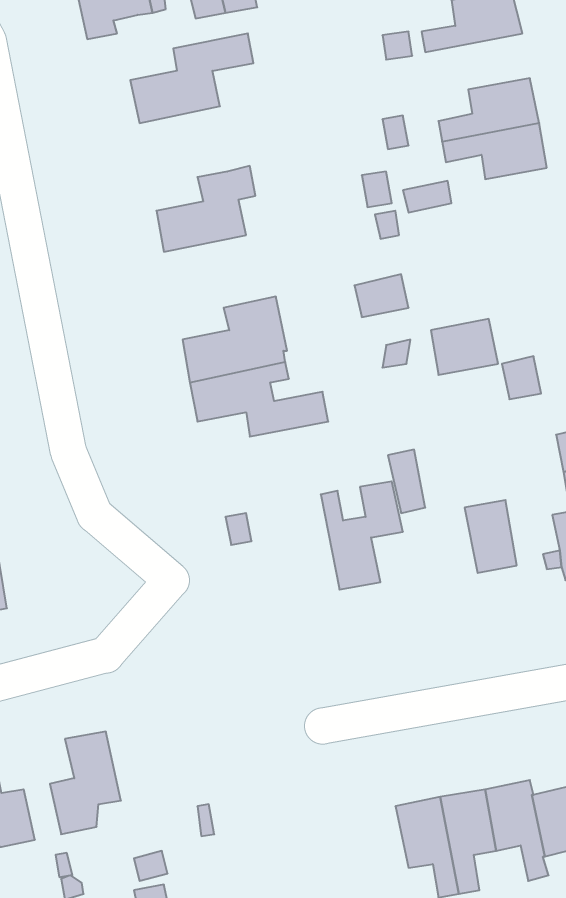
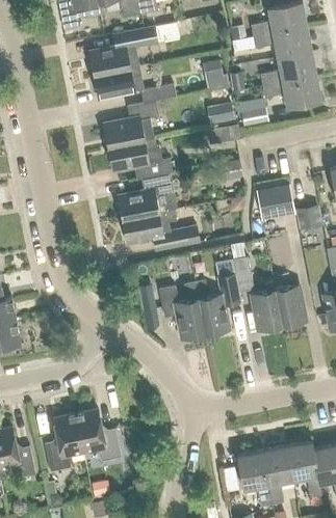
building: none -> [253,26,311,57]
building: none -> [203,59,229,91]
building: none -> [94,66,176,103]
building: none -> [107,138,172,180]
building: none -> [252,281,282,331]
building: none -> [158,282,205,339]
building: none -> [75,410,121,461]

